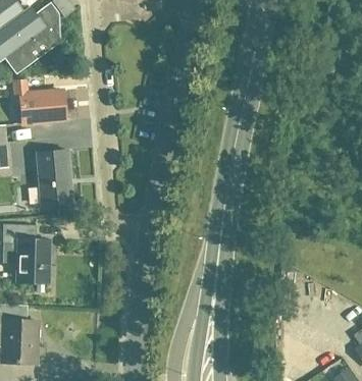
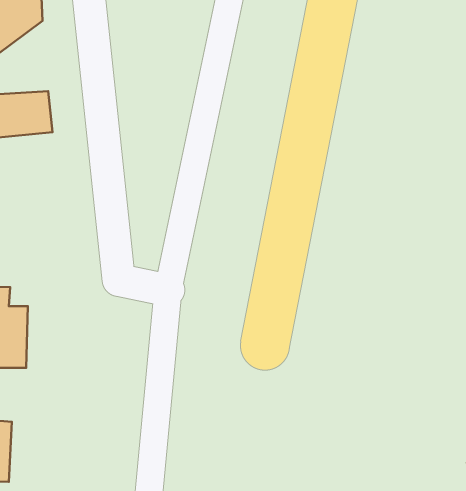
building: [38,149,74,205] -> none

